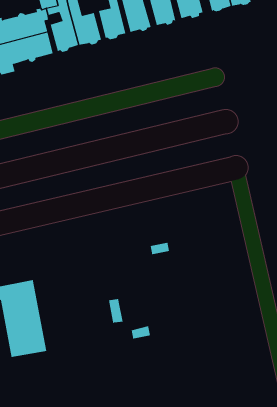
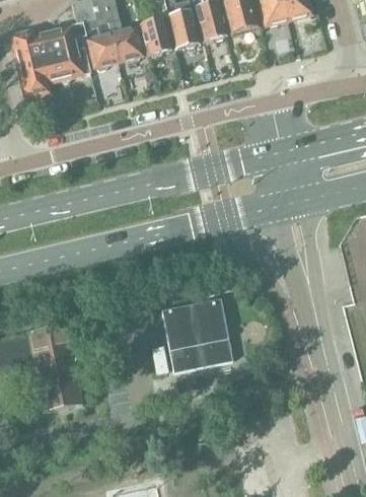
building: none -> [161,296,232,370]

